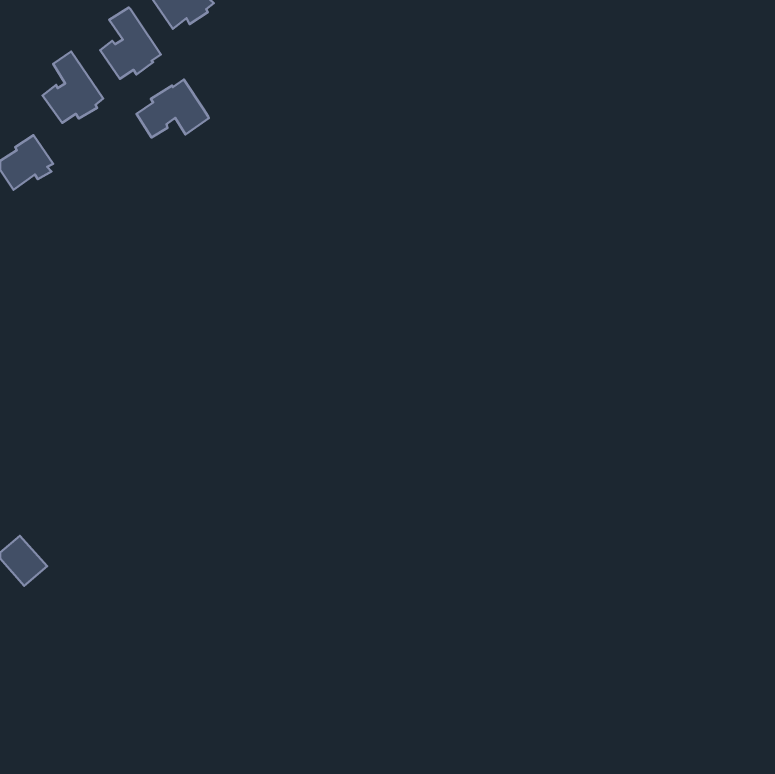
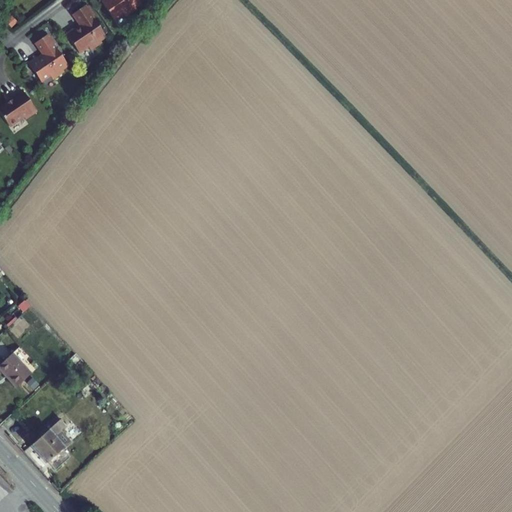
building: [136,80,209,137] -> none
building: none -> [31,414,72,470]

